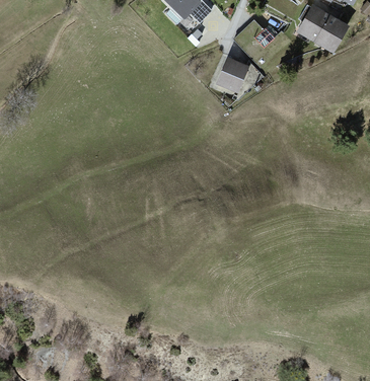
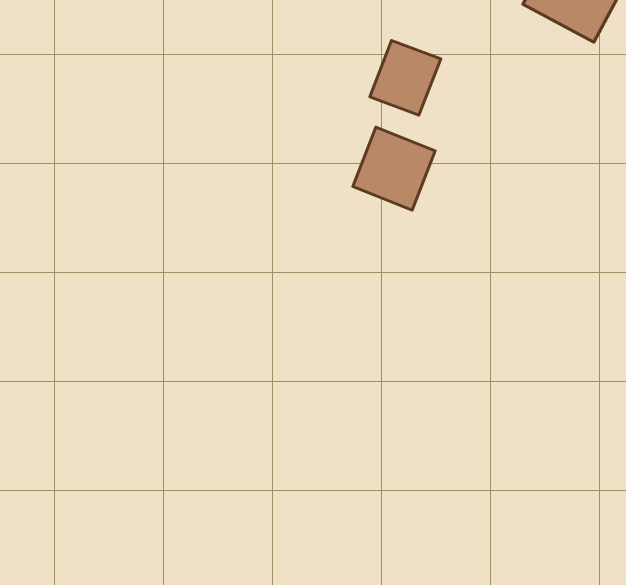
building: none -> [353,127,435,210]

